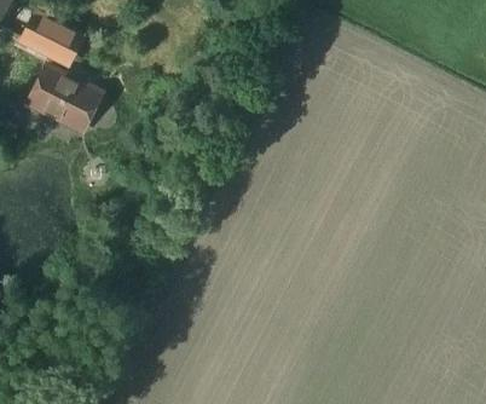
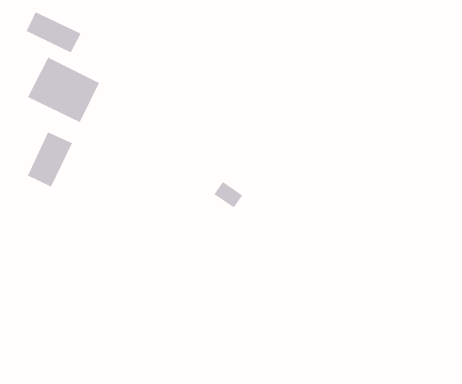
building: none -> [27,132,73,188]

